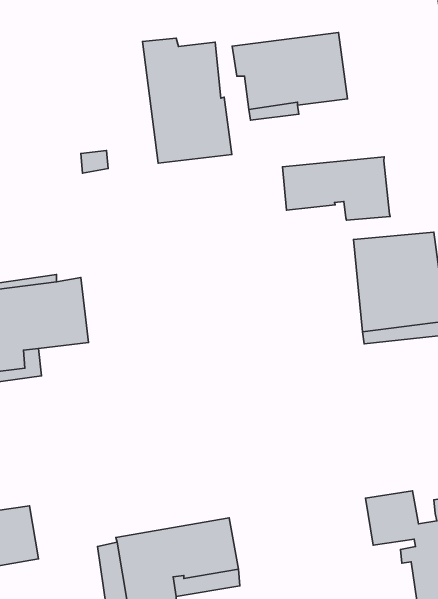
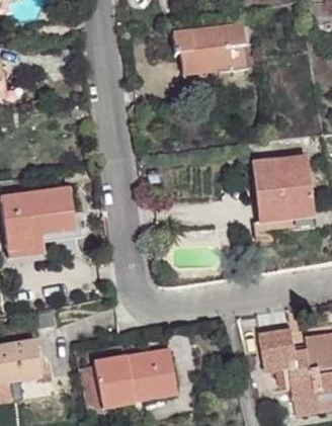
building: [143,38,232,163] -> none
building: [282,157,390,220] -> none

